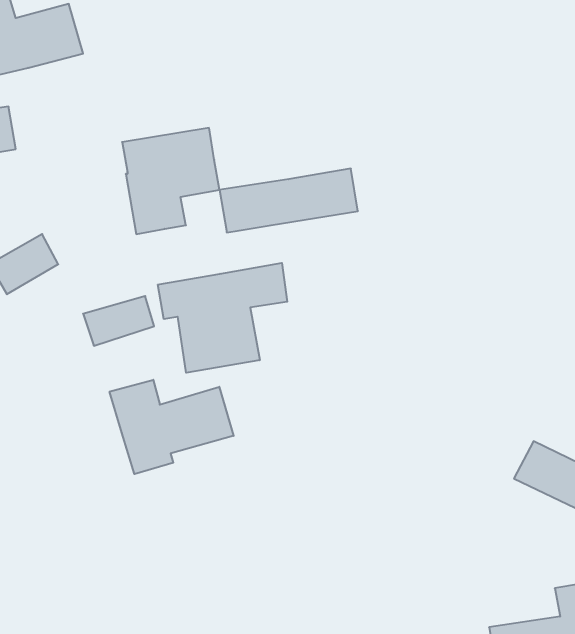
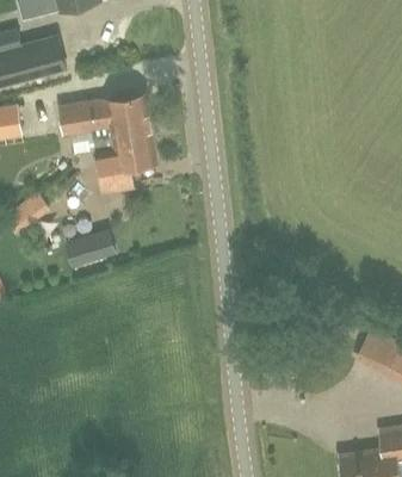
building: [220,169,358,232] -> [56,92,149,135]
building: [158,263,287,373] -> none
building: [110,380,234,474] -> none

